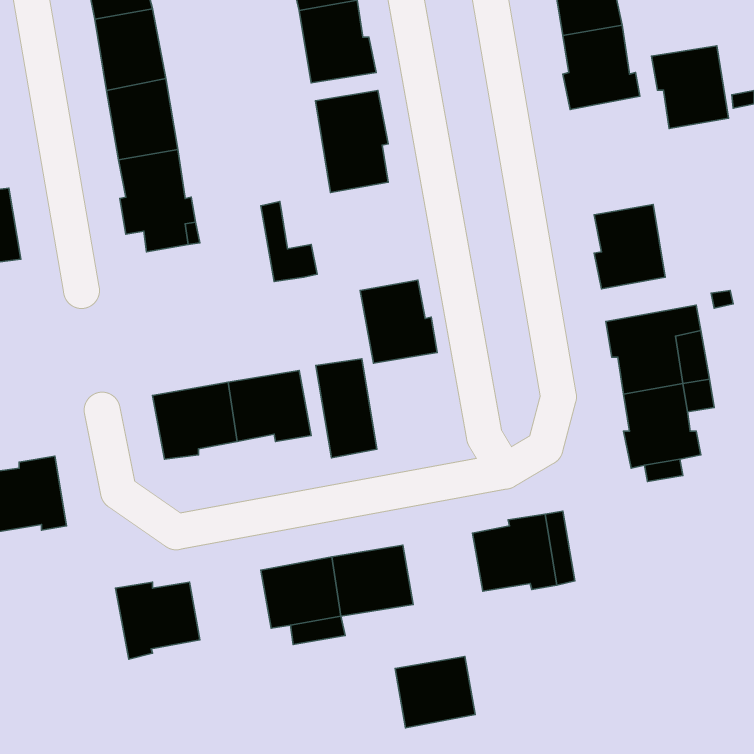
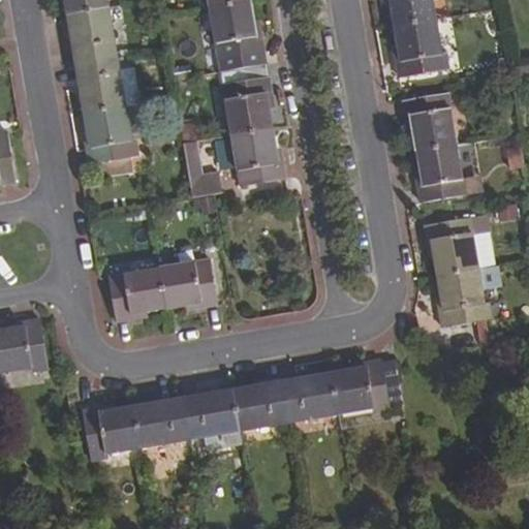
building: [651,46,729,129] -> [402,92,456,150]
building: [360,280,437,363] -> [230,127,284,185]
building: [316,359,377,458] -> none
building: none -> [132,398,189,446]
building: [395,657,475,728] -> [281,372,337,422]

